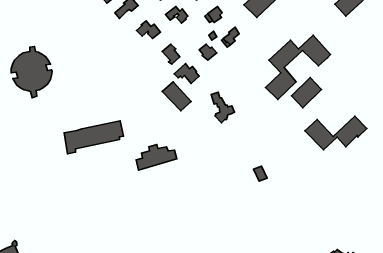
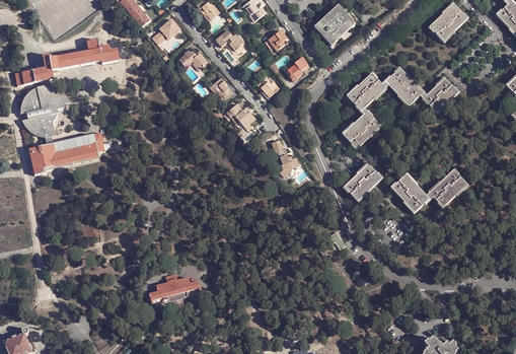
building: none -> [15,41,119,86]
building: none -> [423,77,459,112]
building: [292,77,321,108] -> [345,162,382,201]
building: [162,82,191,111] -> none
building: [64,121,124,154] -> [30,133,105,174]
building: [136,144,177,170] -> [149,273,201,305]

